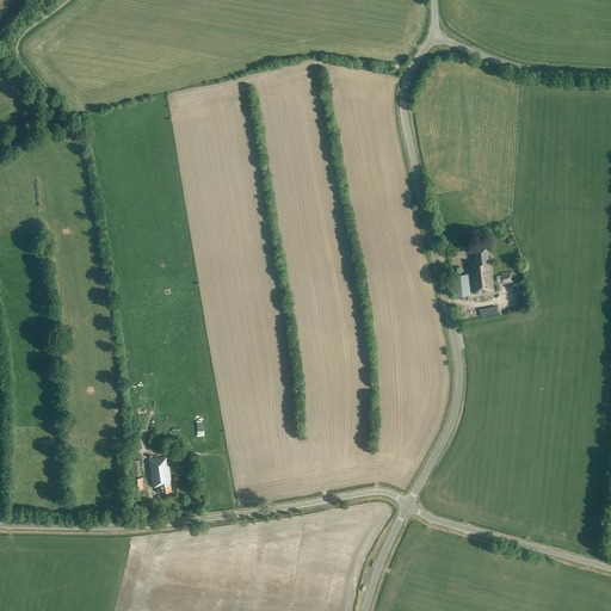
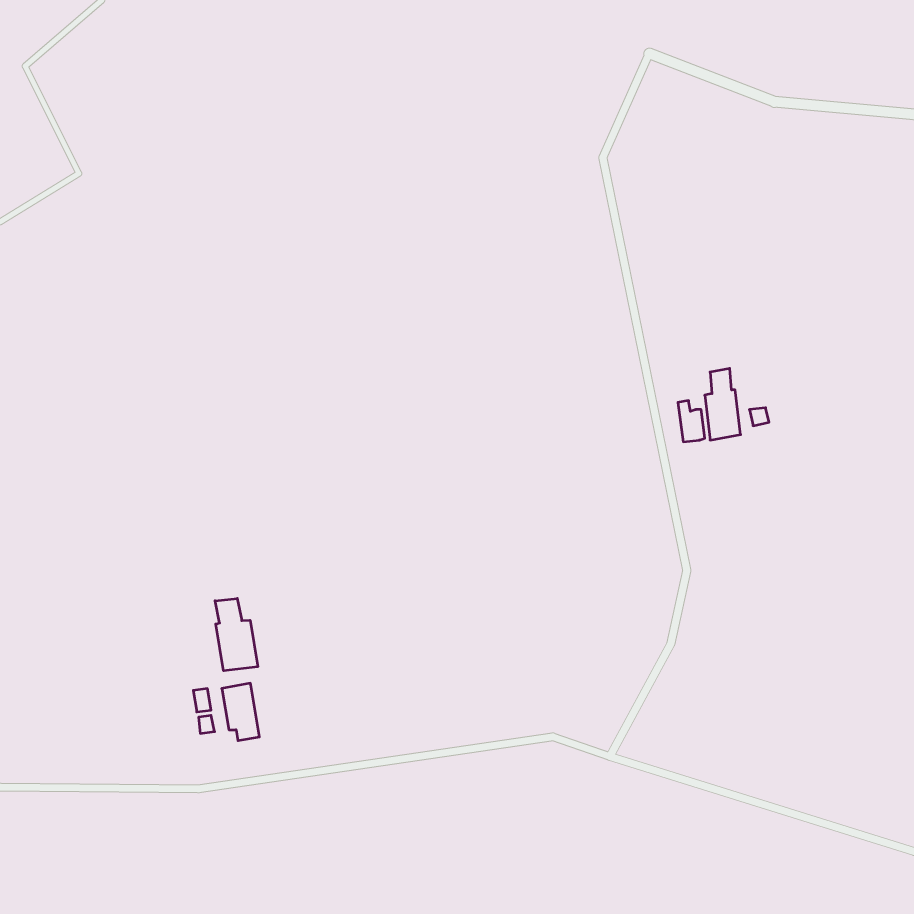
building: none -> [215,598,258,671]

